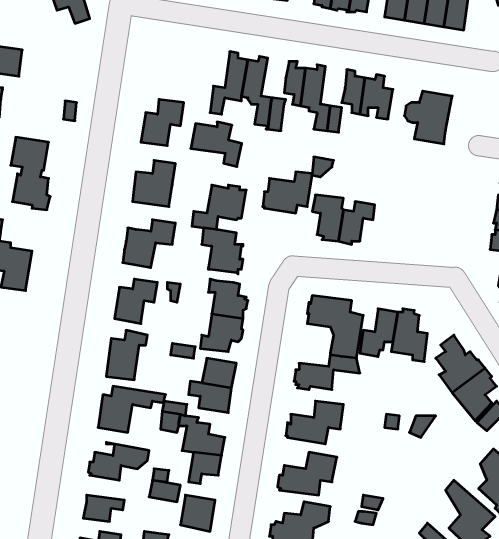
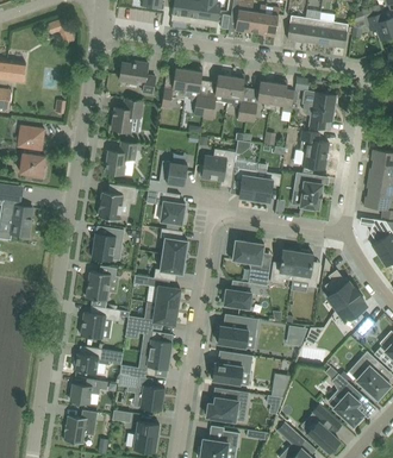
building: [191,122,242,167] -> [118,62,155,94]
building: none -> [300,131,328,169]
building: none -> [293,172,322,211]

